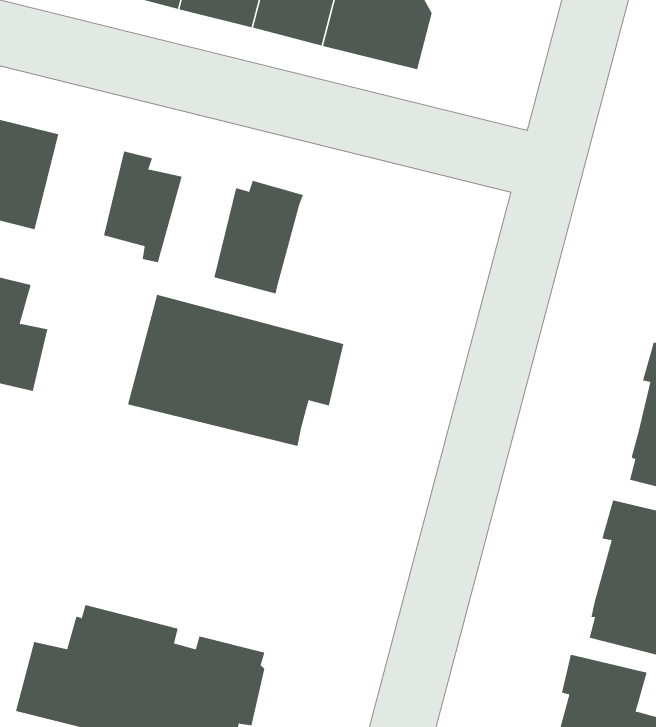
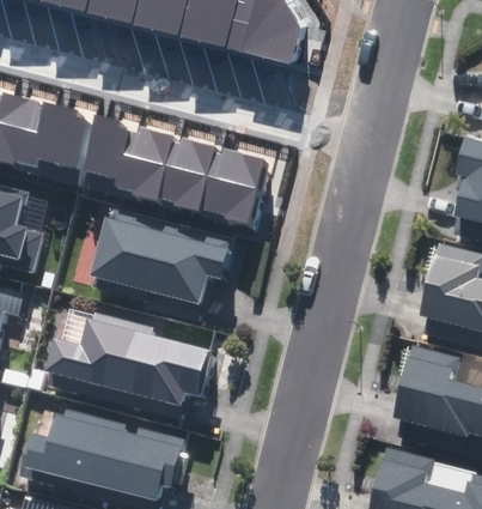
building: none -> [33,103,91,176]
building: none -> [114,123,166,196]
building: none -> [191,141,257,219]
building: none -> [51,313,216,408]

